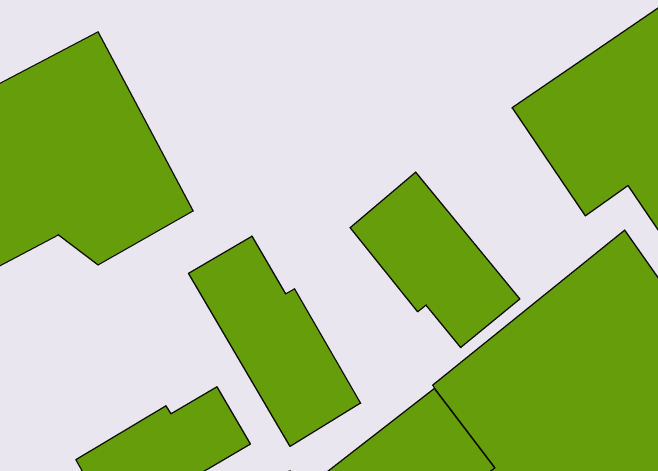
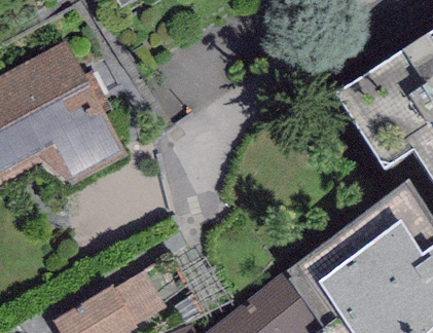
building: [350,172,520,348] -> none
building: [189,236,361,446] -> none

